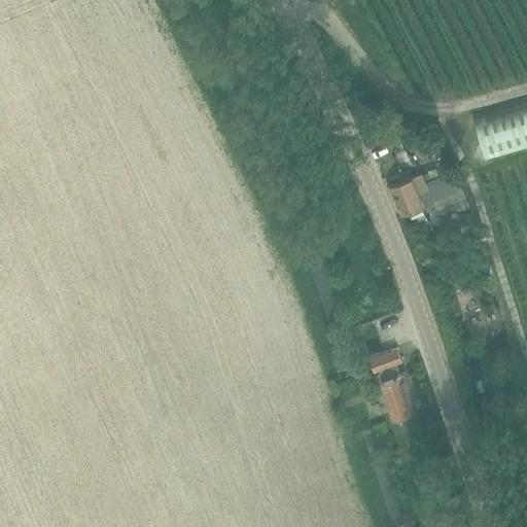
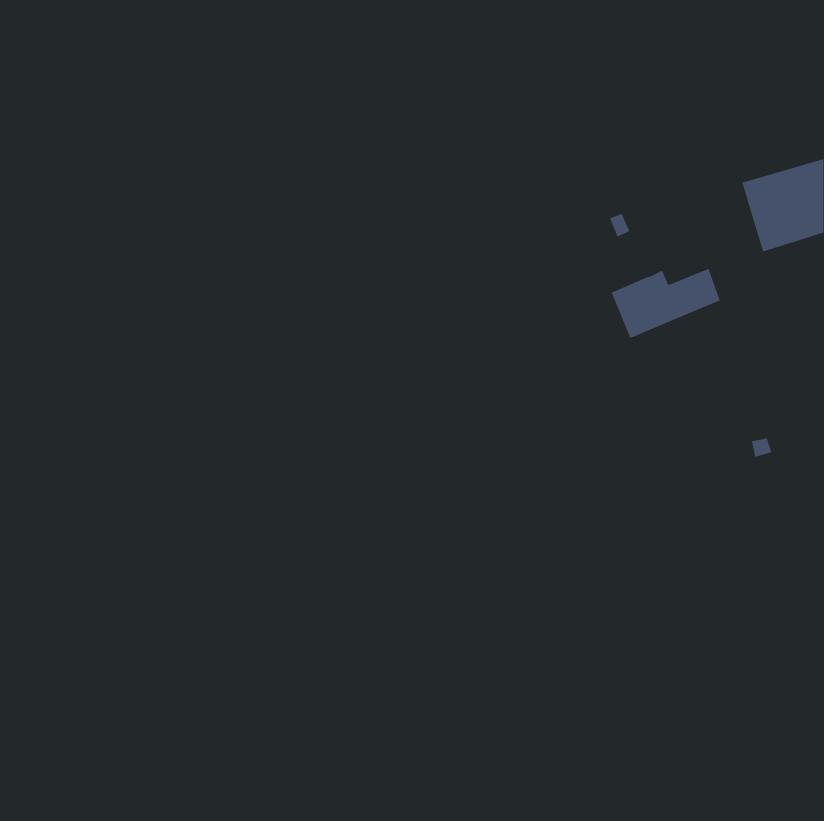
building: [370,349,417,419] -> none

